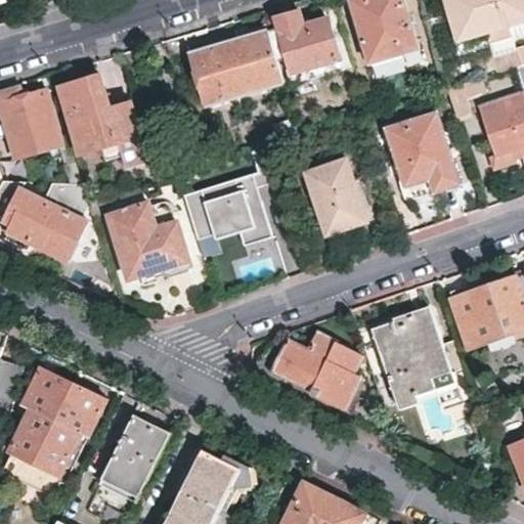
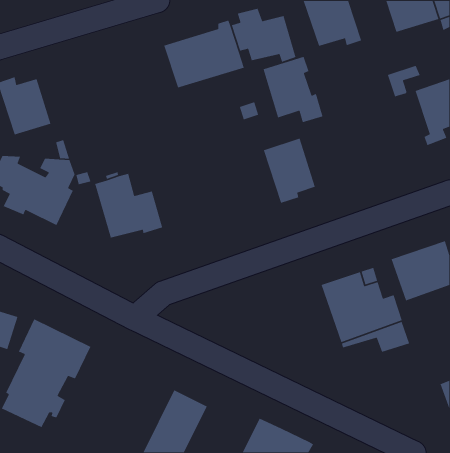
building: [58,75,145,165] -> none
building: [389,115,460,192] -> [262,56,324,123]
building: [183,144,276,245] -> none
building: [266,332,361,407] -> none
building: [100,417,168,499] -> none

